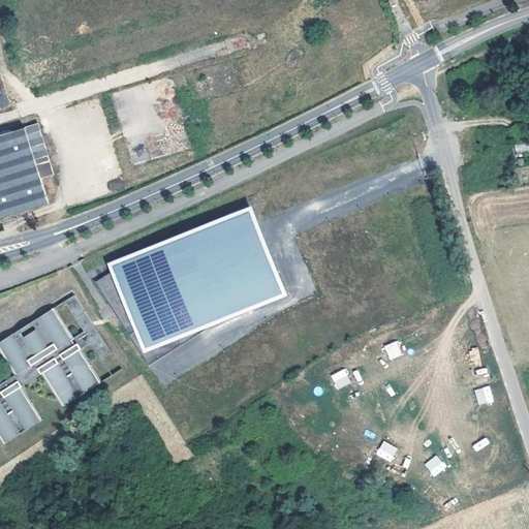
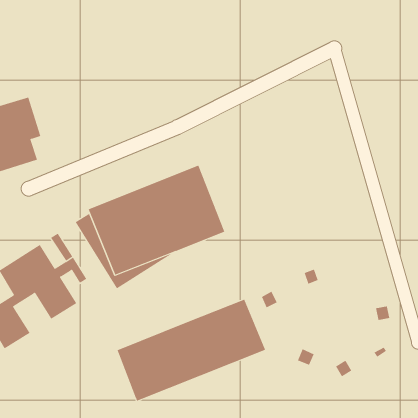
building: none -> [117,299,266,402]

